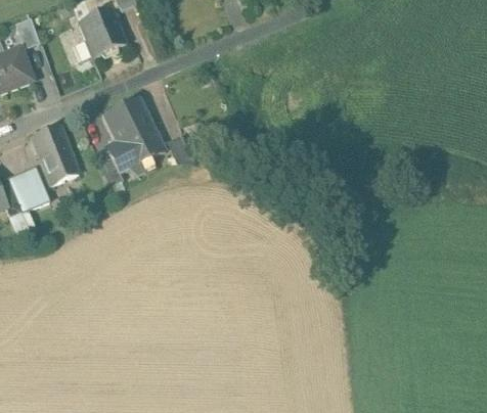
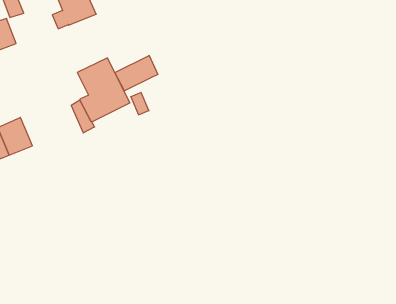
building: none -> [115,55,158,91]
building: [31,125,78,183] -> none

